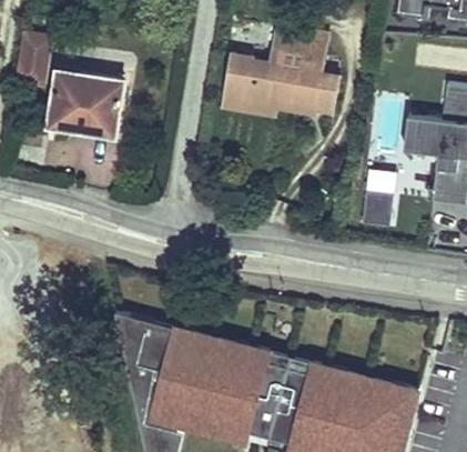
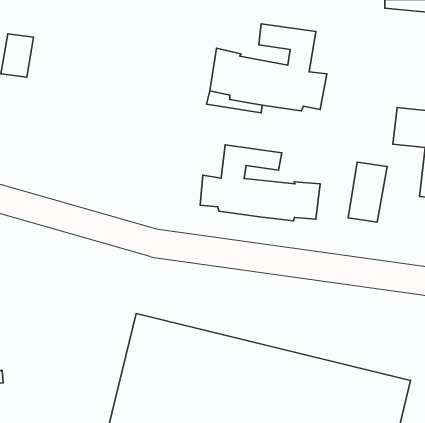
building: [47,72,124,135] -> none
building: none -> [200,145,320,221]

